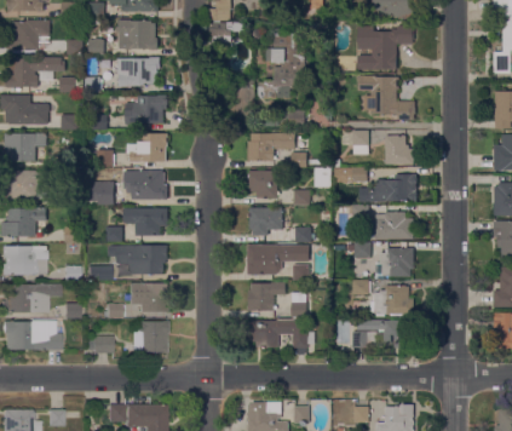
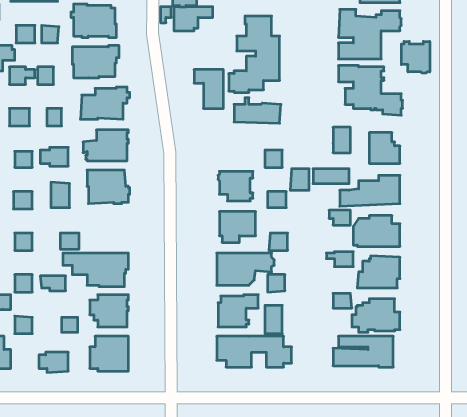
building: none -> [401,41,430,73]
building: [247,131,295,161] -> none
building: [123,207,167,235] -> none

